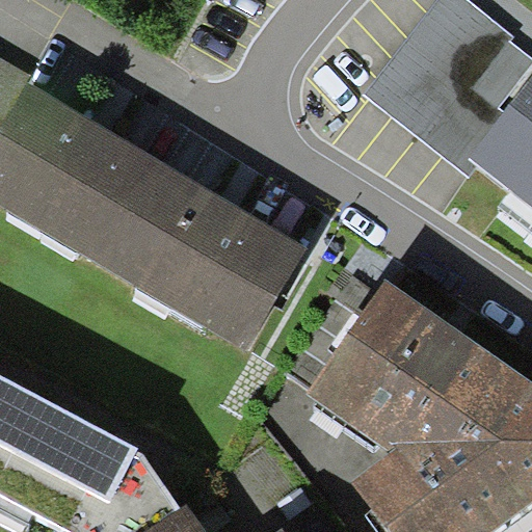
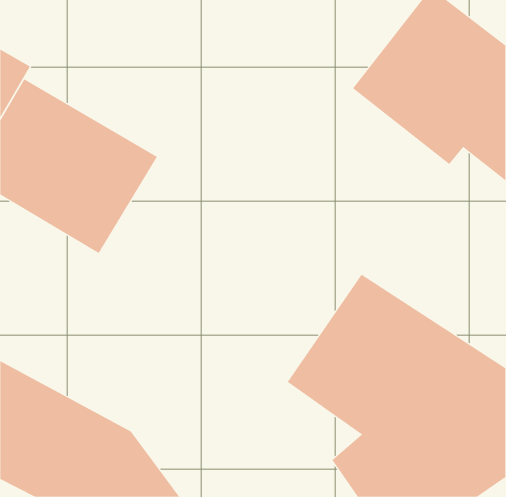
building: [104,164,307,350] -> none

